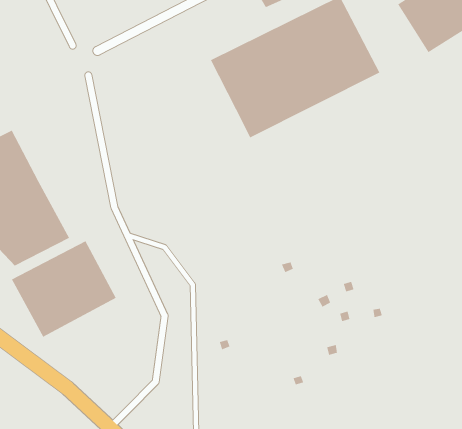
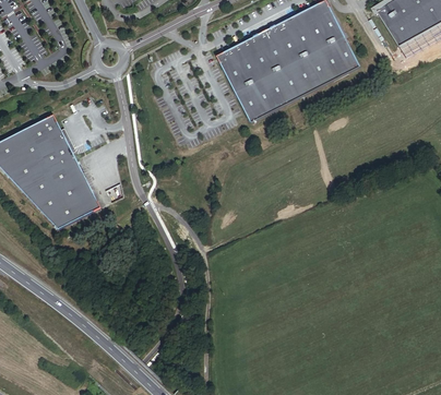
building: [11,240,117,338] -> none

